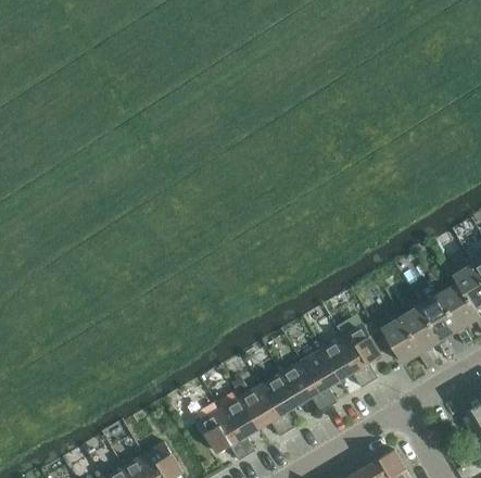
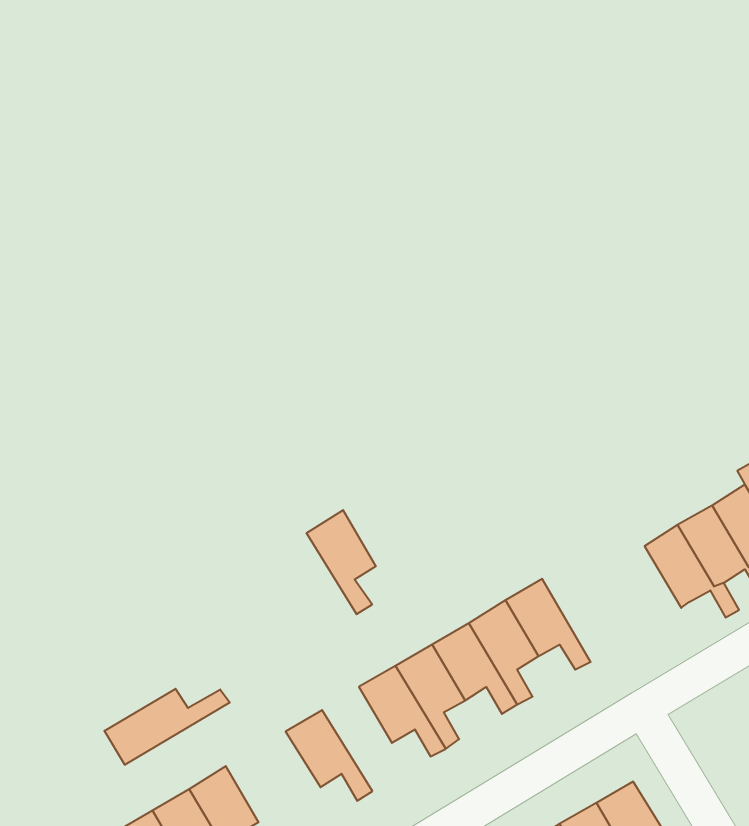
building: [381,317,435,368] -> none
building: [343,324,382,382] -> none
building: [219,397,258,455] -> [306,510,376,614]
building: none -> [104,689,230,765]

